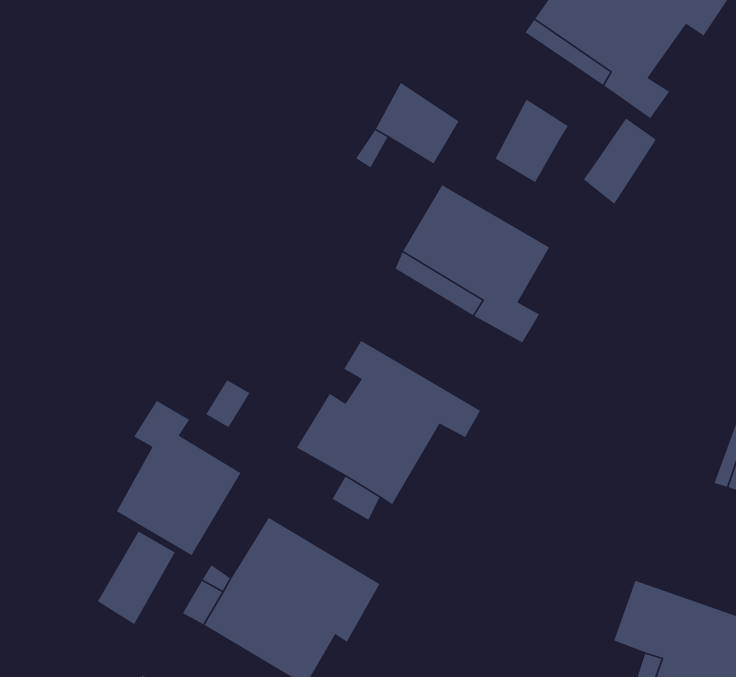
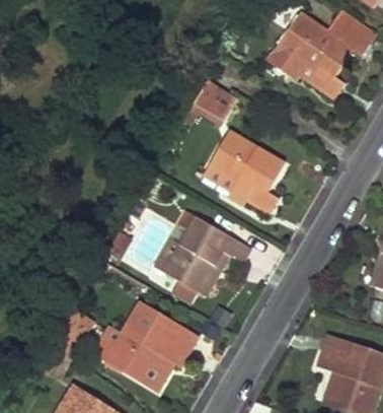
building: [495,99,569,183] -> none
building: [583,118,657,205] -> none
building: [116,400,242,556] -> none

